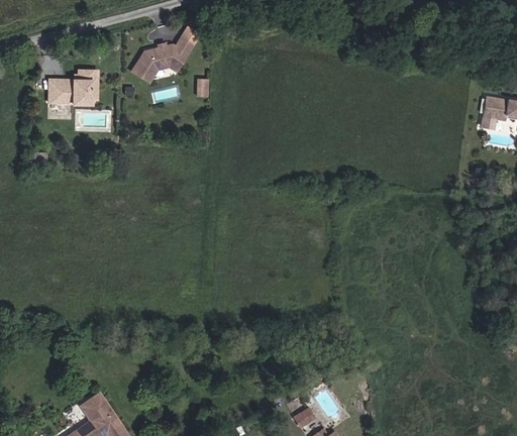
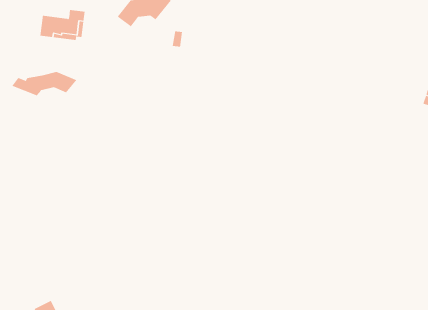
building: none -> [11,71,77,96]

